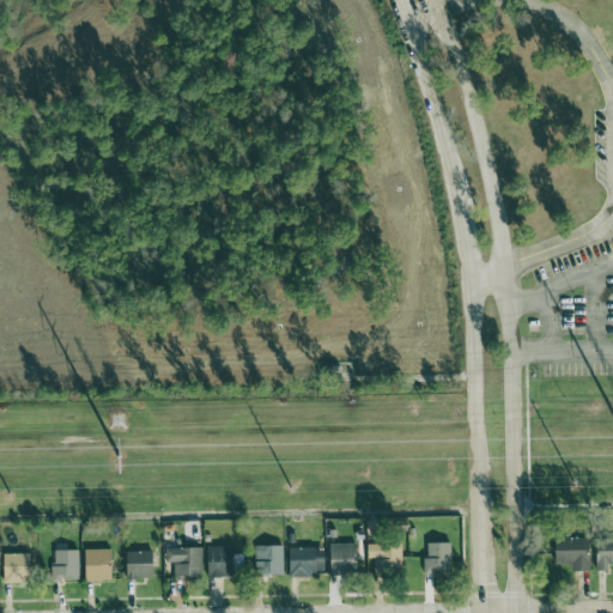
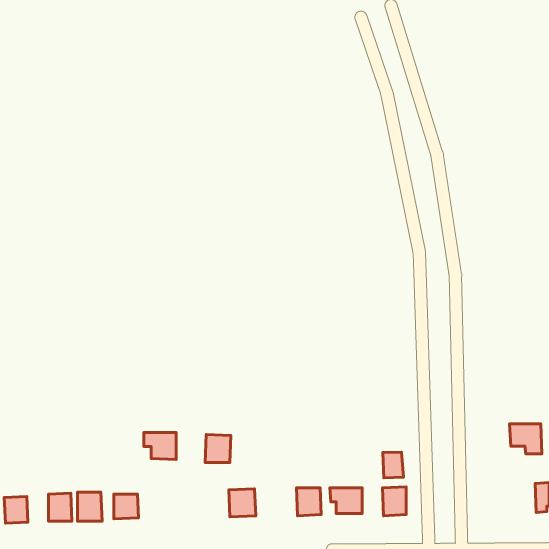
building: none -> [383,452,403,478]
building: [556,538,591,571] -> [510,424,542,454]
building: [207,546,236,577] -> [205,434,231,462]
building: [166,547,202,577] -> [144,433,176,459]
building: [290,547,327,577] -> none

